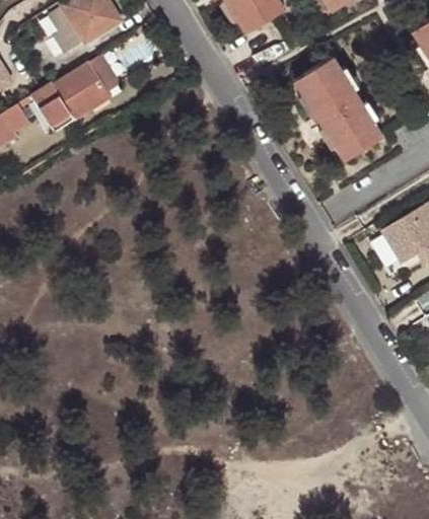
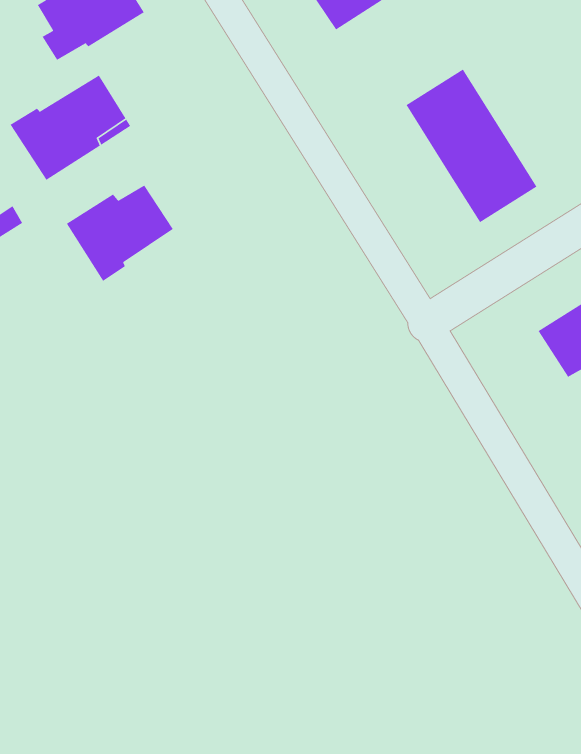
building: none -> [66,185,174,282]

